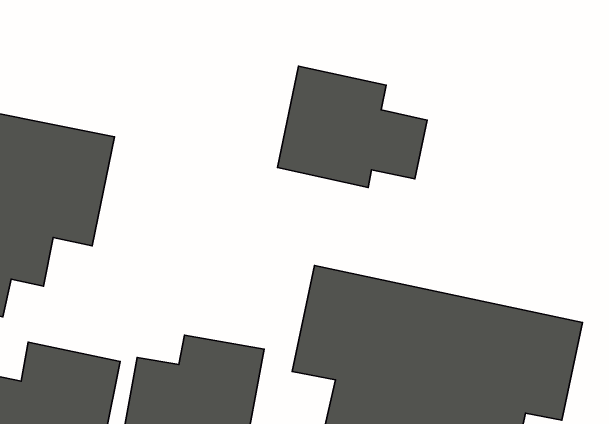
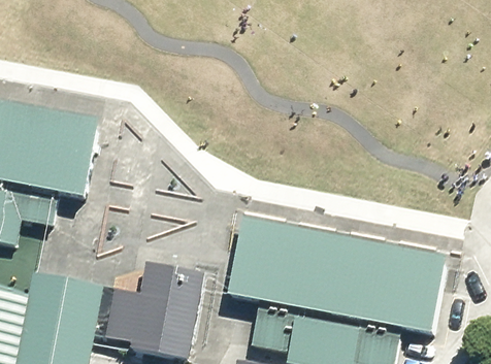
building: [278,66,427,187] -> none

